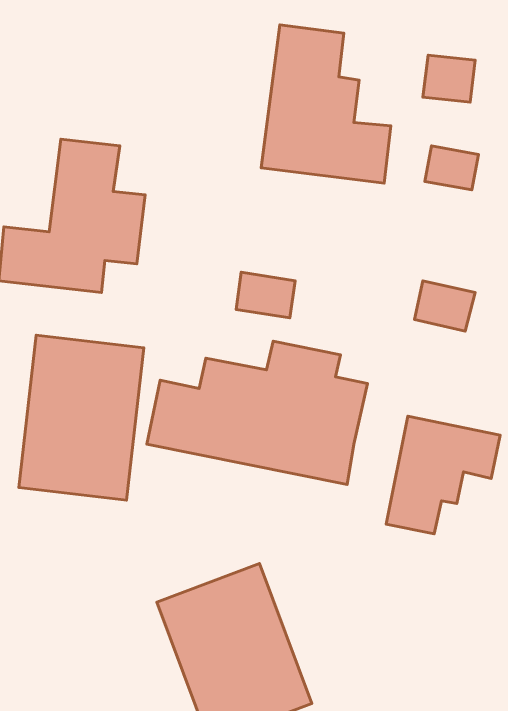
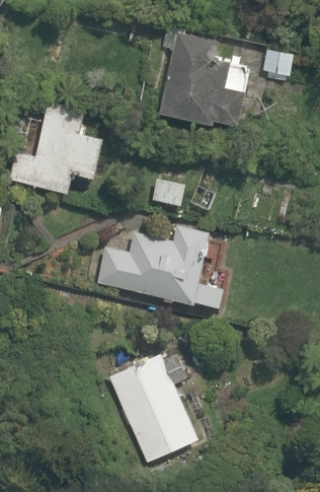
building: [19,335,144,500] -> none
building: [386,416,500,534] -> none

